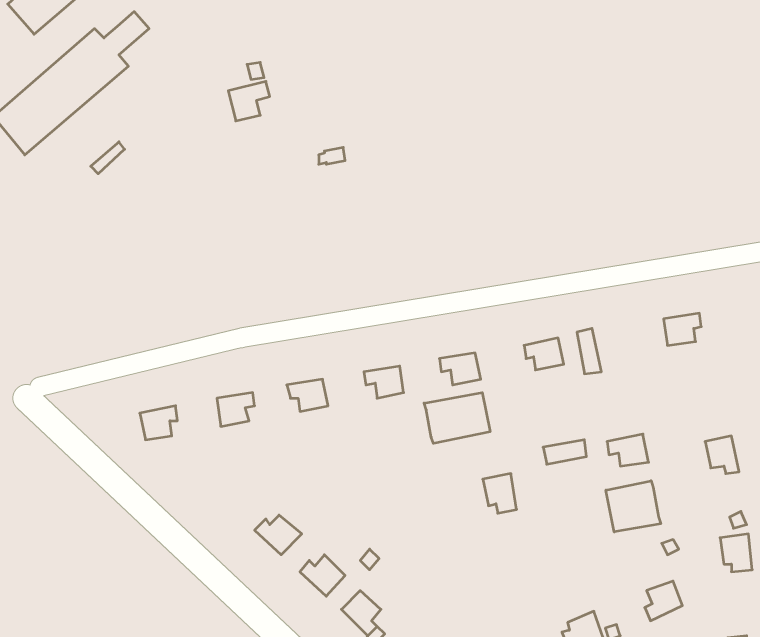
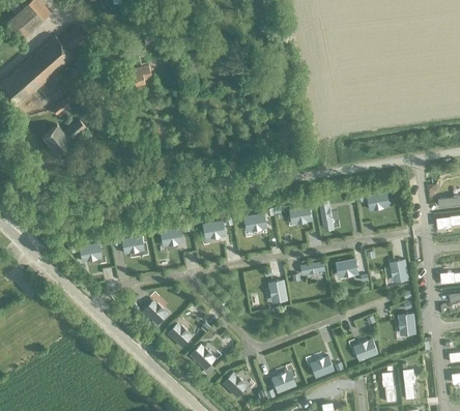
building: none -> [41,120,84,153]
building: [424,393,490,443] -> none
building: [606,481,661,532] -> none

